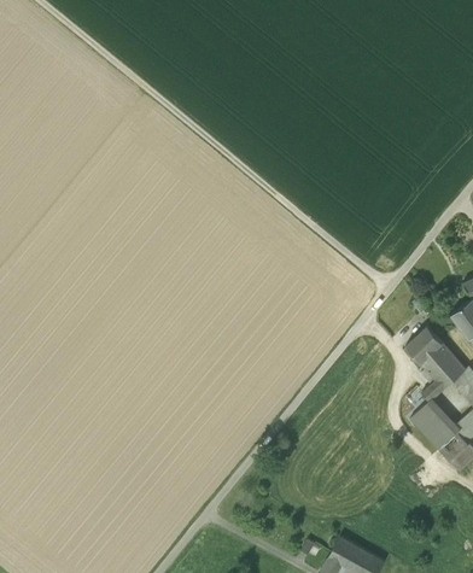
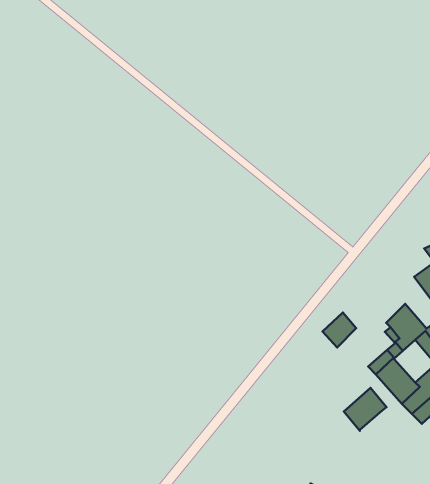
building: [405,326,442,363] -> [323,313,356,347]
building: none -> [344,388,387,431]

